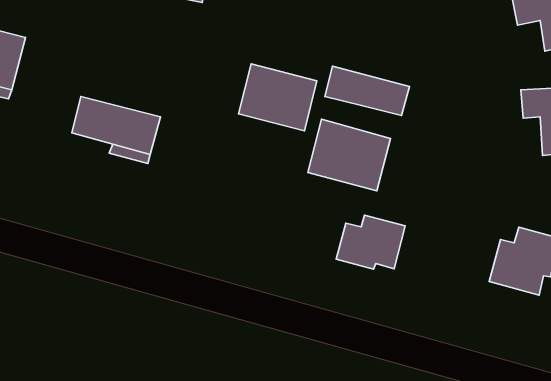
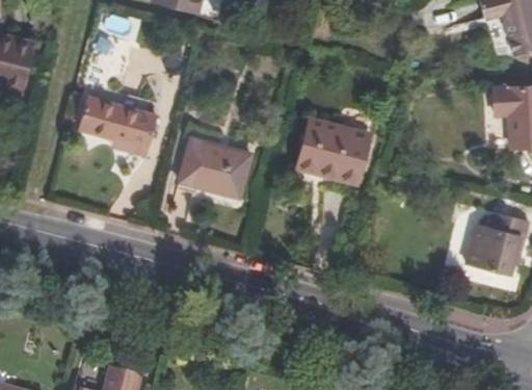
building: [239,64,317,131] -> [180,137,251,199]
building: [325,66,409,115] -> none
building: [336,215,405,269] -> none

